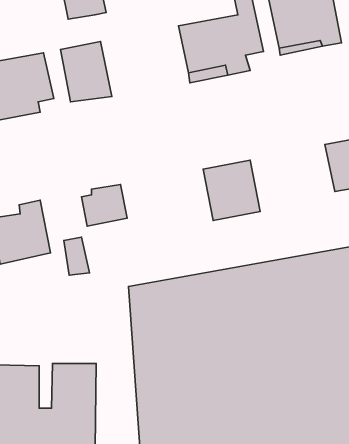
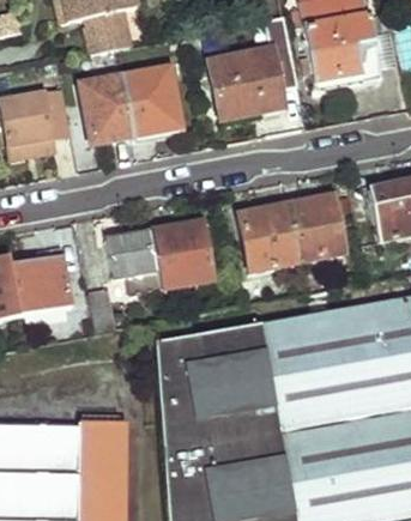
building: none -> [126,69,181,137]
building: none -> [286,195,343,260]
building: none -> [147,222,210,286]

